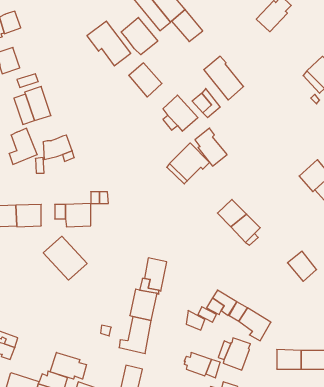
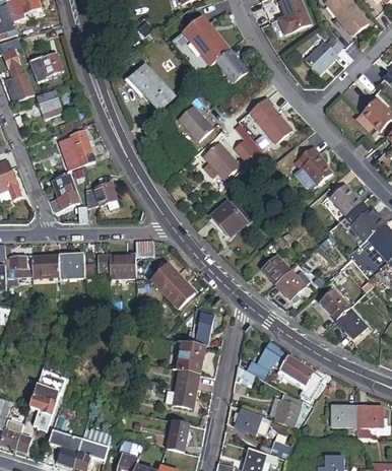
building: [121,17,158,55] -> none
building: [195,128,227,166] -> [302,147,335,187]
building: none -> [332,183,365,216]
building: none -> [325,284,355,315]
building: [43,236,87,280] -> [148,263,194,309]
building: [50,352,87,379] -> none

